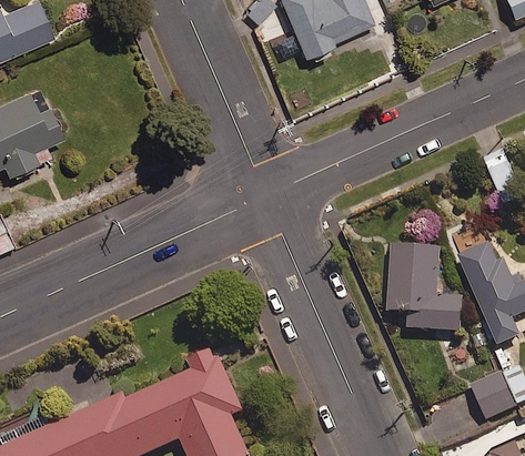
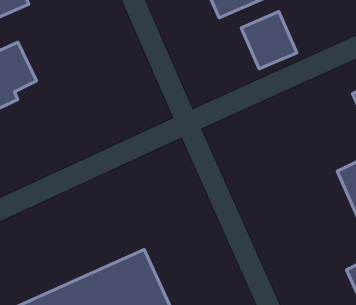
building: none -> [241,12,297,69]
building: [390,245,466,333] -> none

